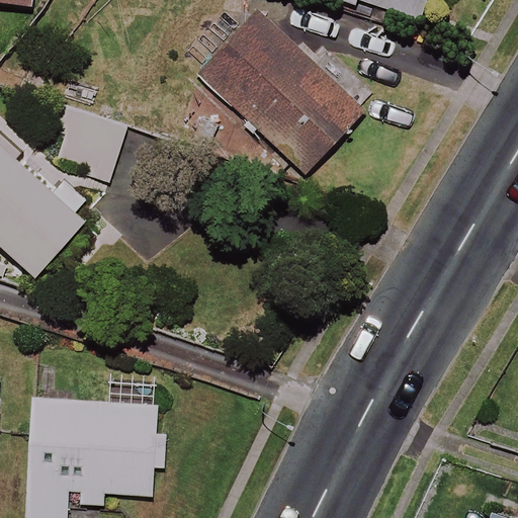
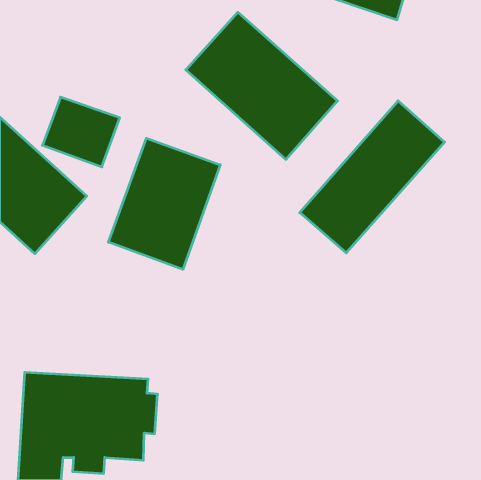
building: none -> [300,101,445,253]
building: none -> [108,138,220,269]

